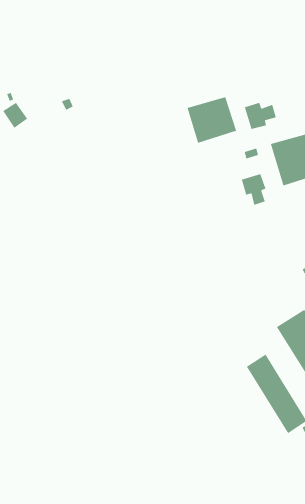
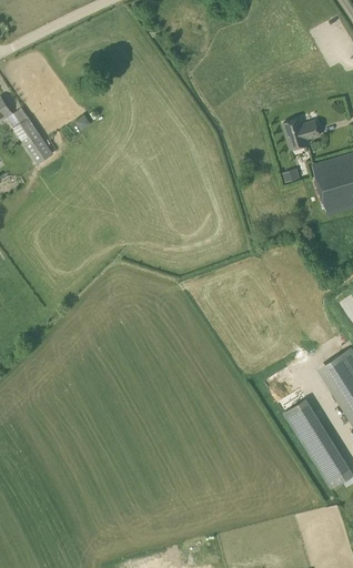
building: [187,96,237,144] -> none
building: [241,173,266,206] -> none

